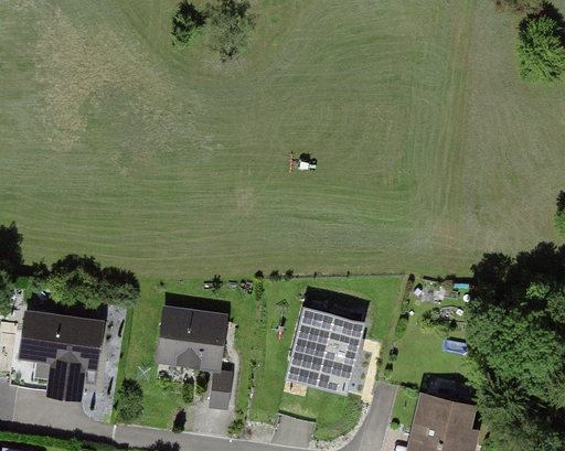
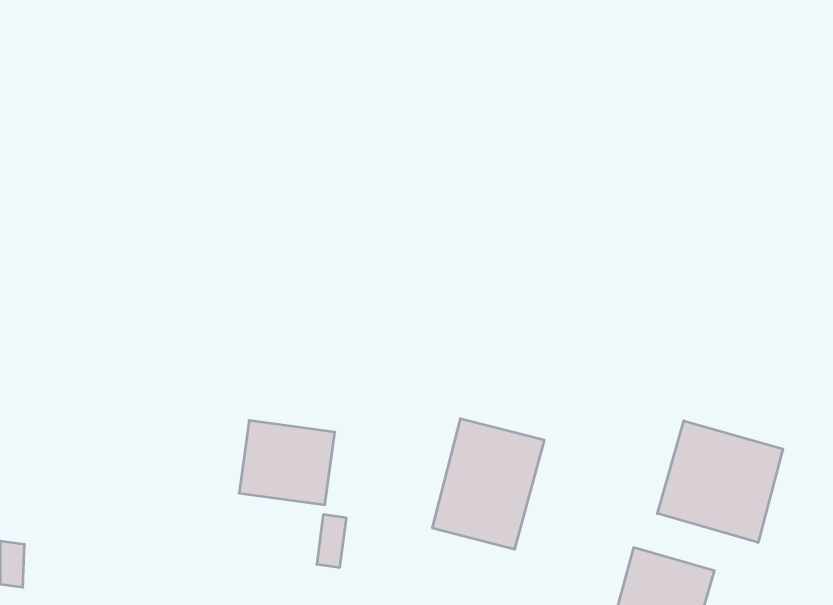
building: none -> [657,421,783,543]
building: [20,311,104,396] -> none

